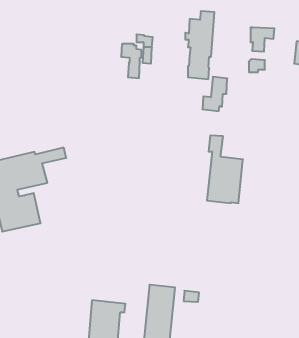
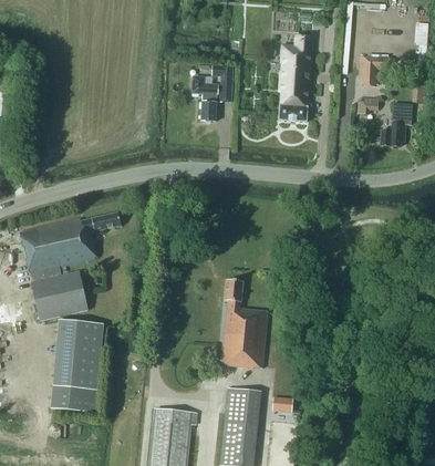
building: [202,77,227,111] -> [380,102,412,146]
building: [207,135,243,203] -> [221,279,268,366]
building: none -> [50,319,103,412]

